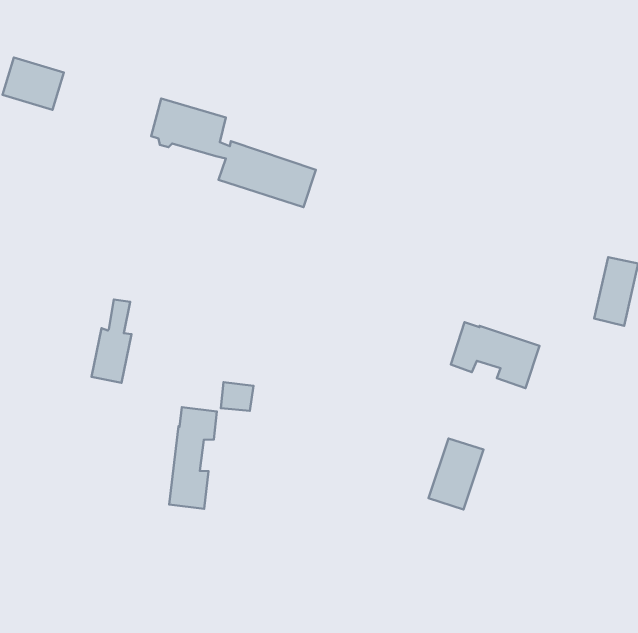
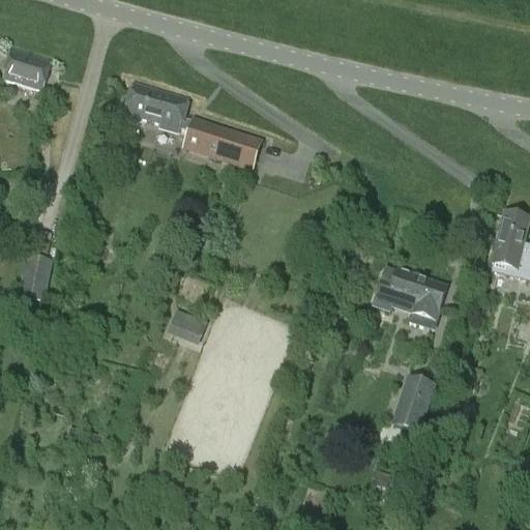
building: [91,299,131,383] -> [19,232,52,301]
building: [169,407,217,509] -> none
building: [428,438,483,510] -> [390,377,436,436]

